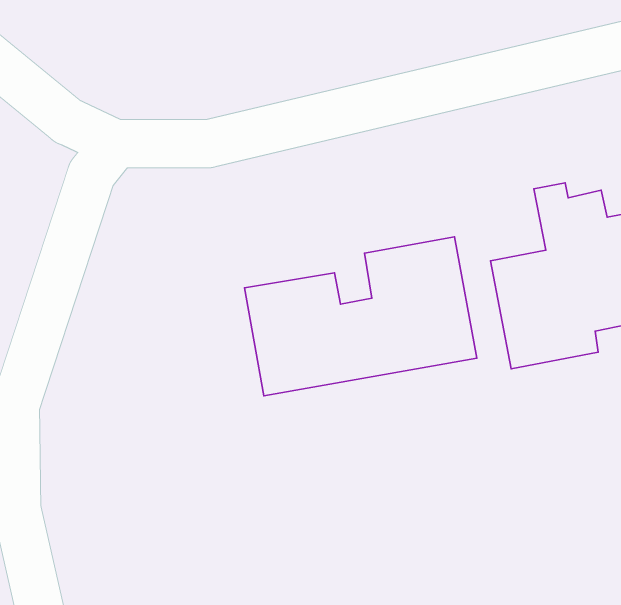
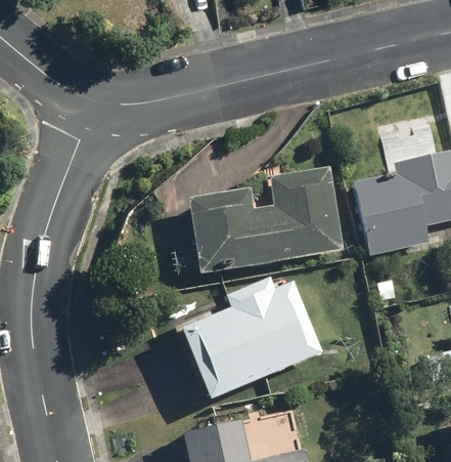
building: none -> [180,276,326,401]

